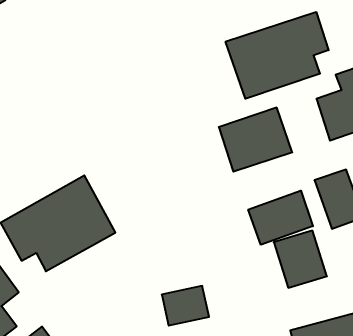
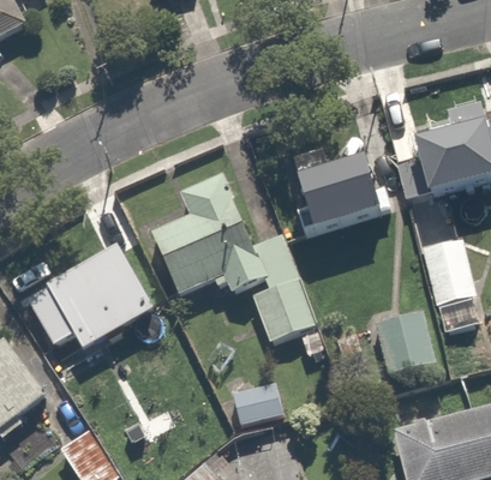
building: [226,12,329,99] -> none
building: none -> [155,178,313,343]
building: [248,191,313,245] -> none

